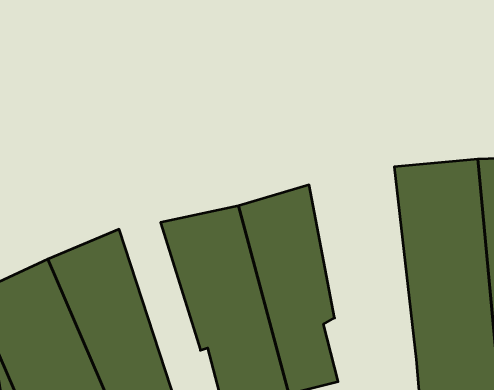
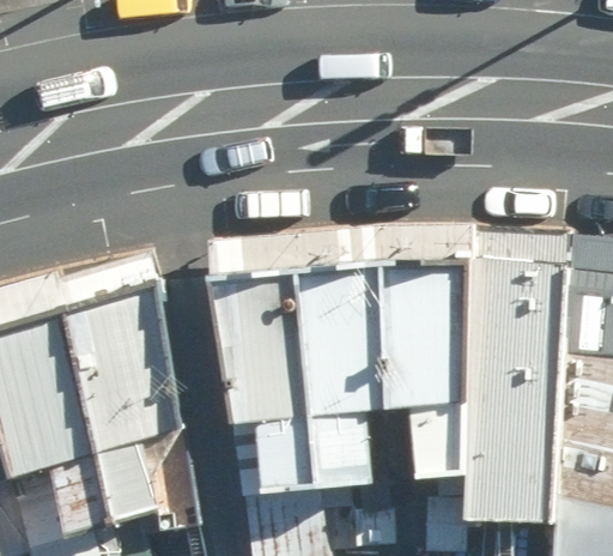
building: none -> [376,264,473,485]

